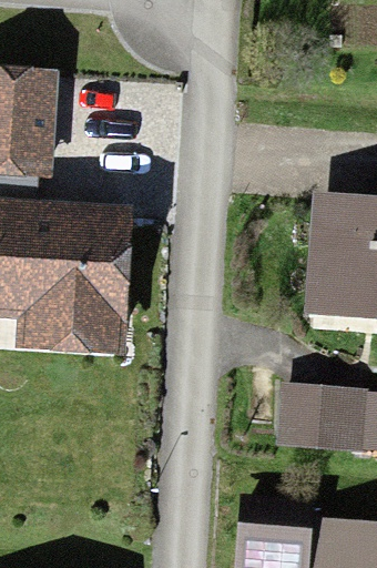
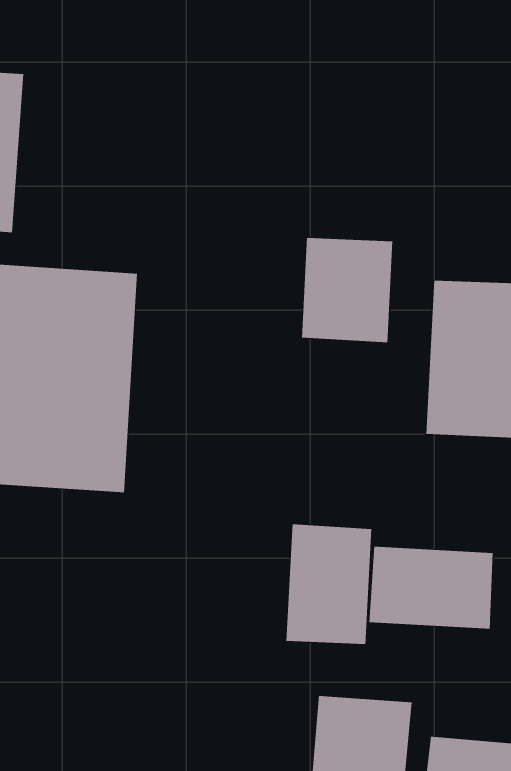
building: none -> [301,237,393,343]
building: none -> [286,524,372,645]

